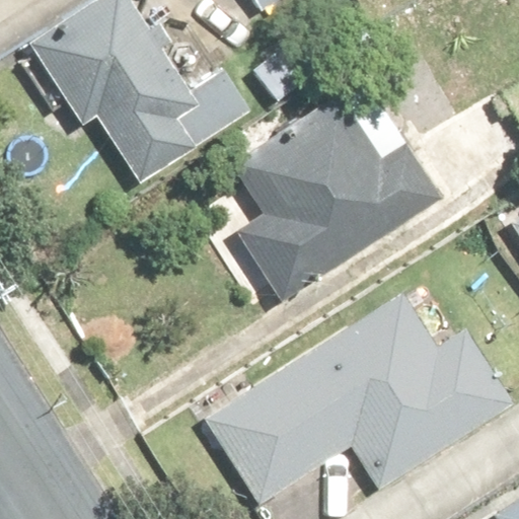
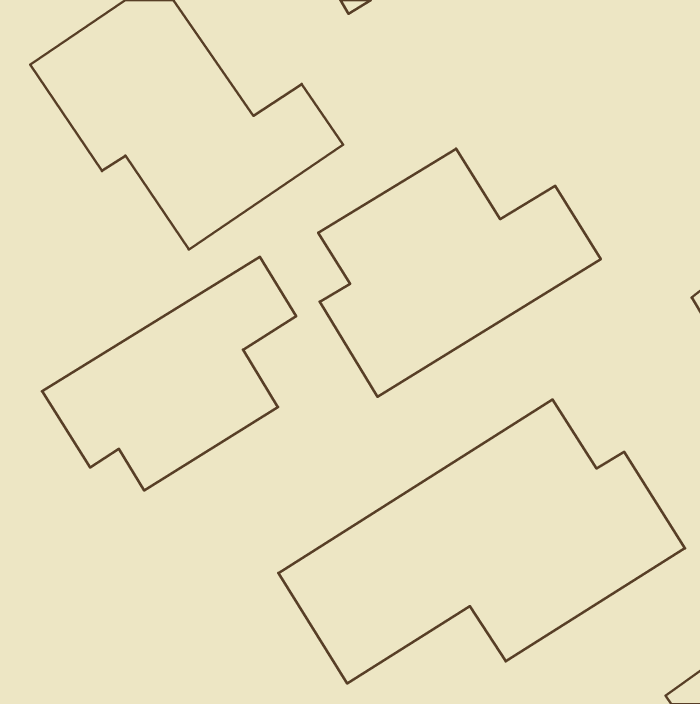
building: none -> [42,257,296,490]

